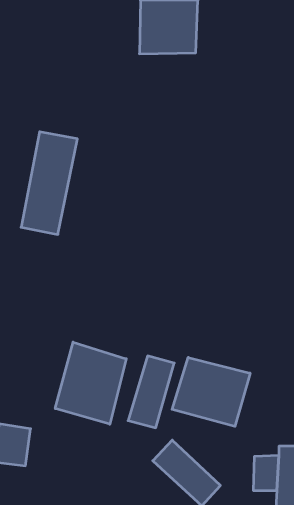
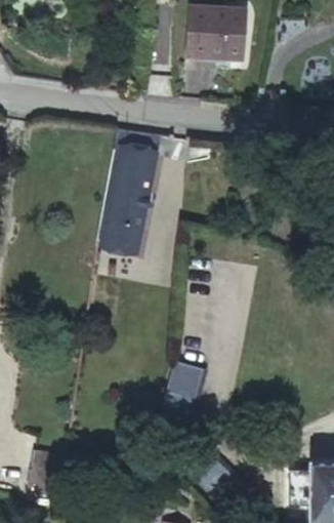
building: [21,132,77,234] -> [105,153,161,255]
building: [55,342,126,424] -> none
building: [172,357,250,426] -> none

